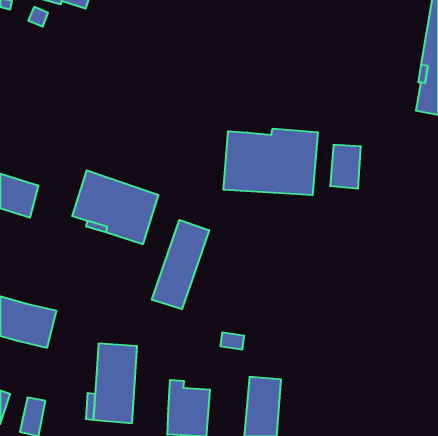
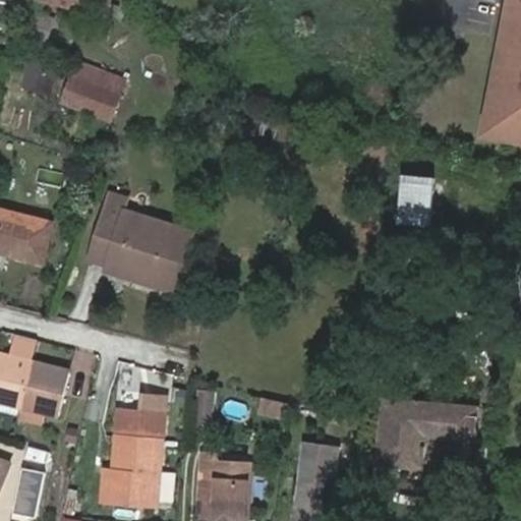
building: none -> [61,73,120,116]
building: [223,129,318,195] -> none
building: [152,220,209,309] -> none
building: none -> [374,399,471,466]

